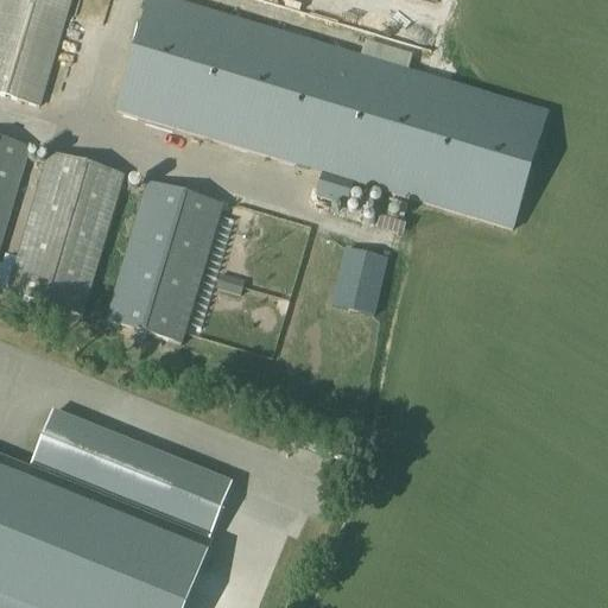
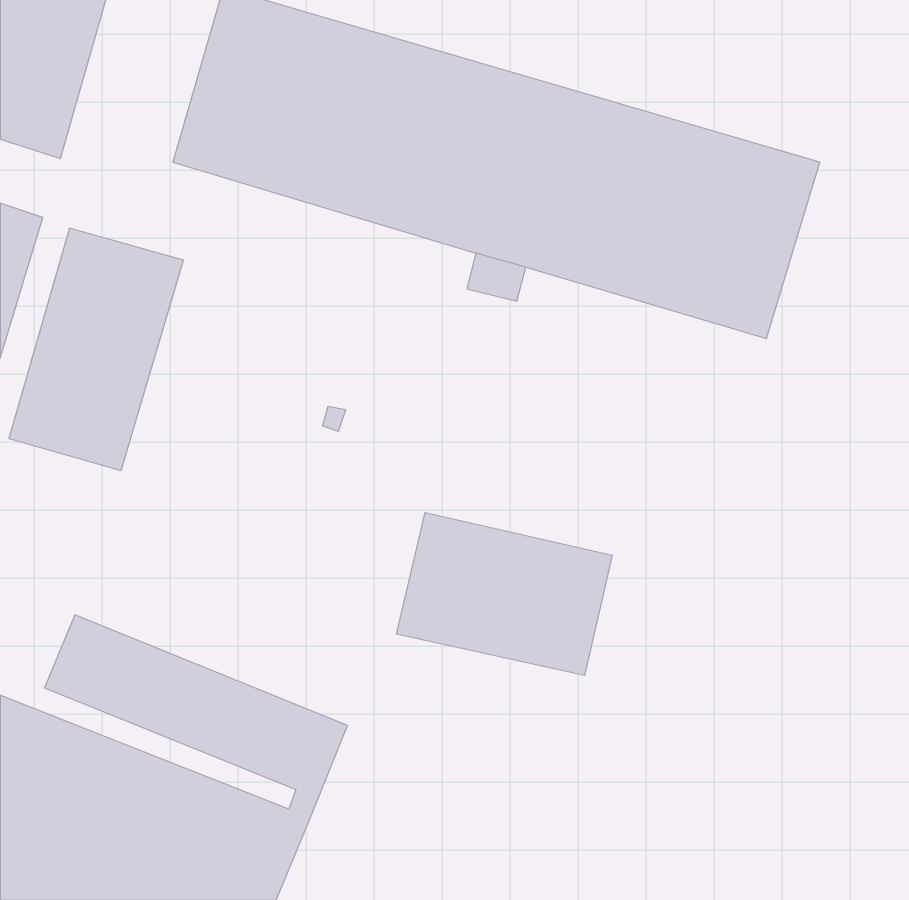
building: [104,180,222,342] -> none
building: [331,245,386,311] -> none
building: none -> [397,512,612,675]

